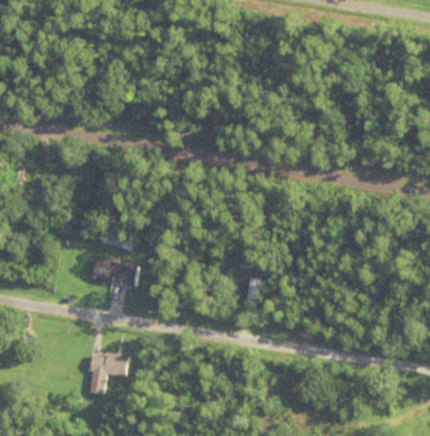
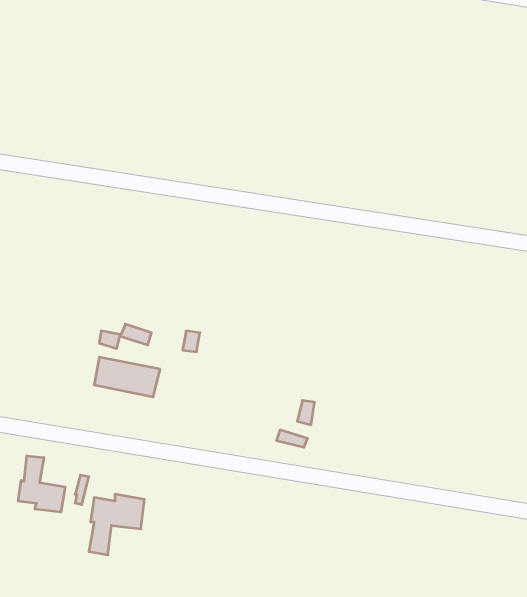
building: none -> [18,456,65,512]

